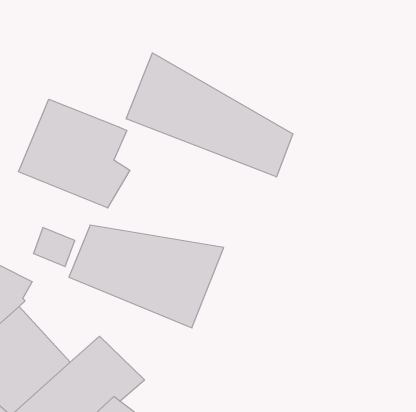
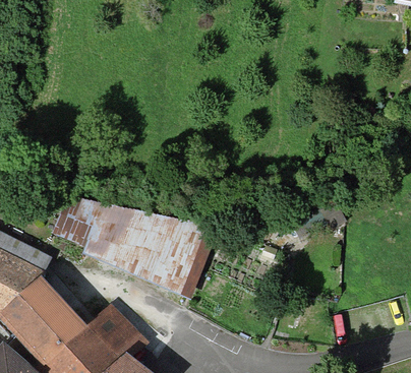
building: [126,53,293,177] -> none
building: [19,99,130,208] -> none

